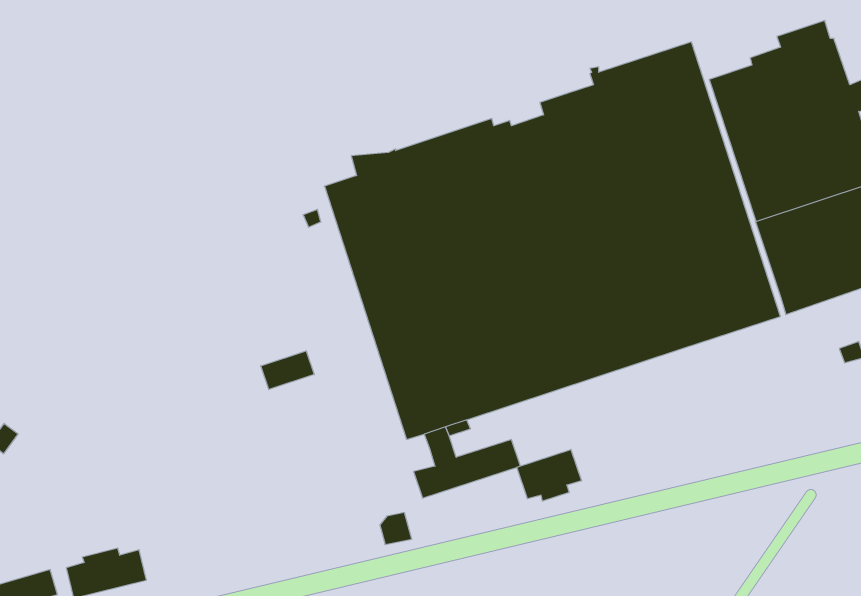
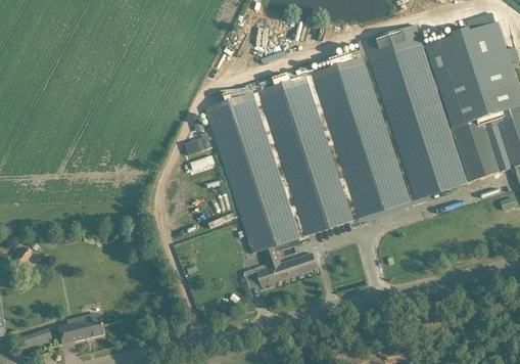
building: [261,351,314,390] -> none
building: [517,449,581,501] -> none

